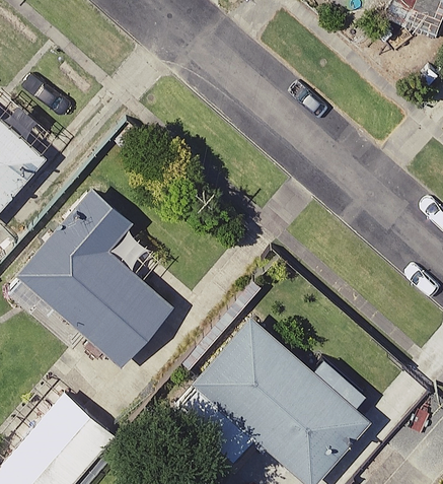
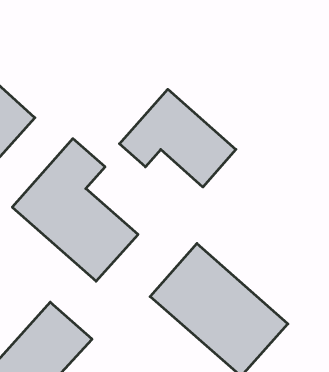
building: none -> [119,89,236,187]

